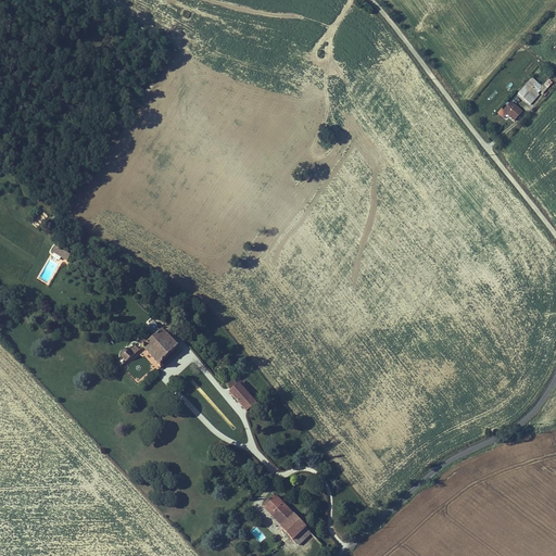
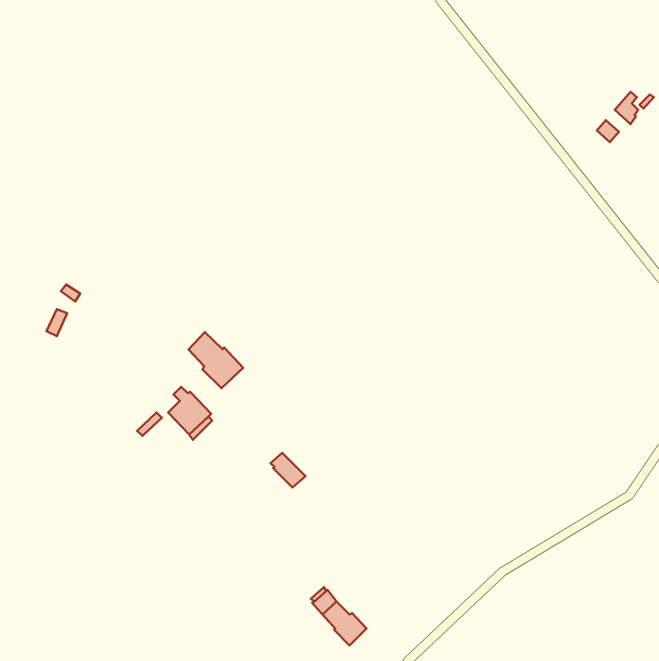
building: none -> [188,332,243,388]

